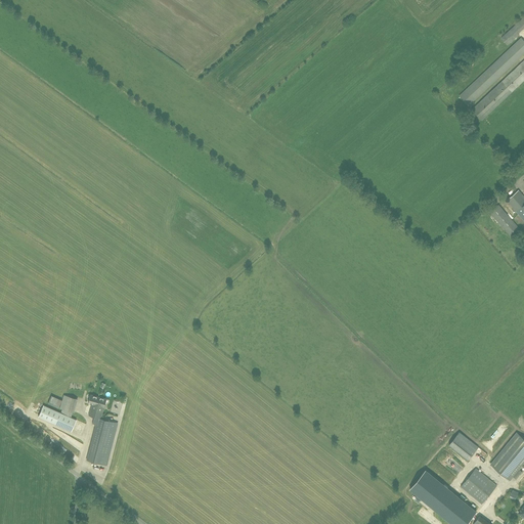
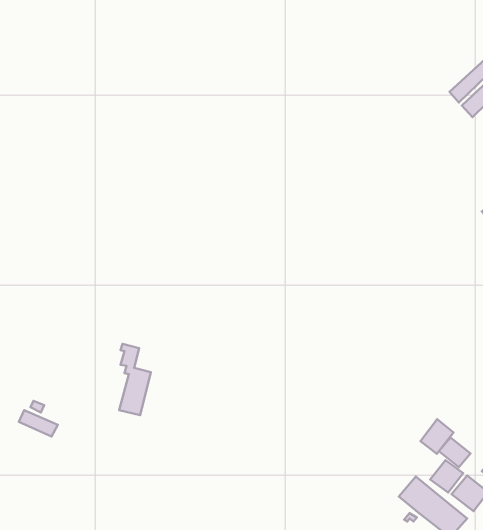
building: [87,396,118,466] -> [119,344,151,415]
building: none -> [420,419,454,454]
building: none -> [430,460,463,493]

